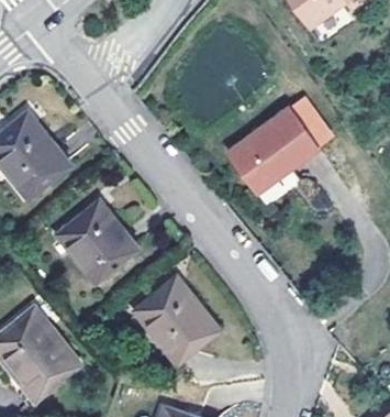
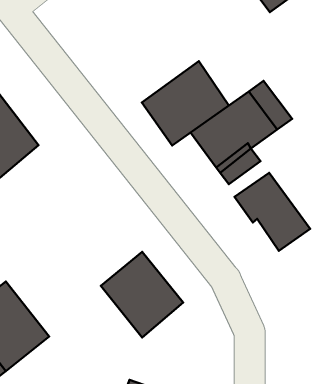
building: none -> [142,61,229,146]
building: none -> [234,173,310,251]
building: [55,199,137,283] -> none

